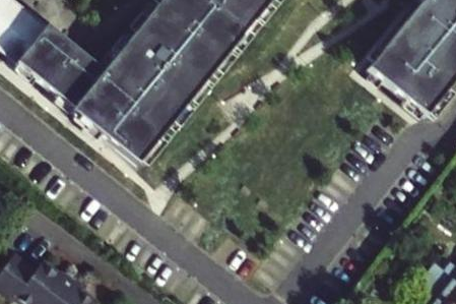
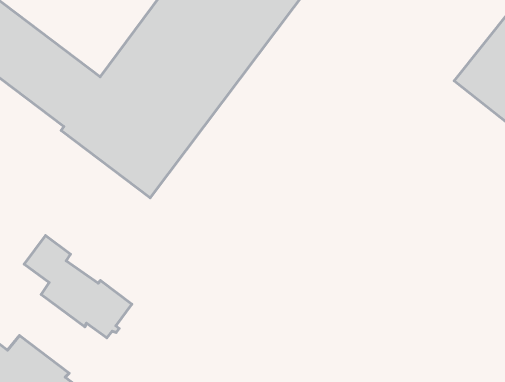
building: none -> [24,236,132,338]

